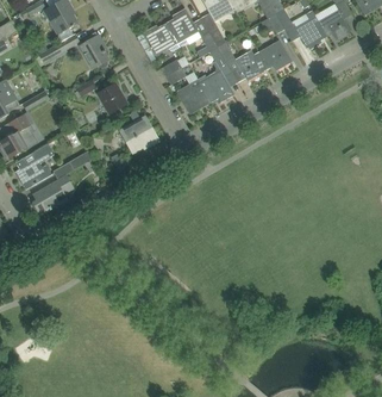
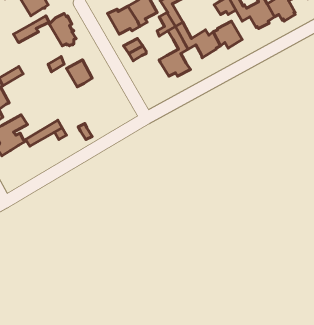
building: [176,79,209,114] -> none
building: [120,111,157,153] -> none
building: [32,175,73,215] -> none

